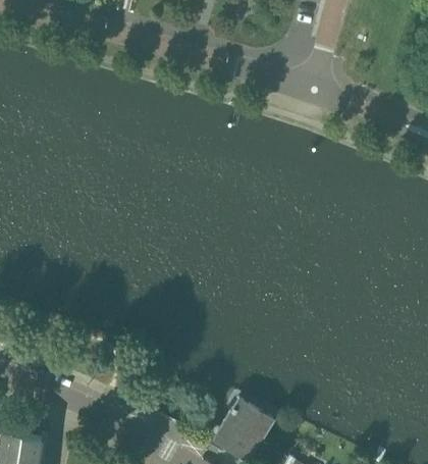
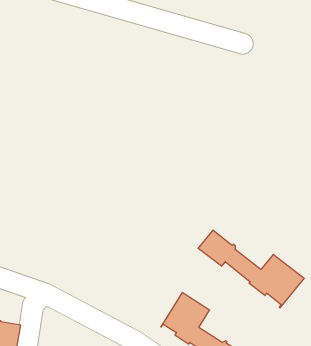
building: none -> [198,230,304,308]

